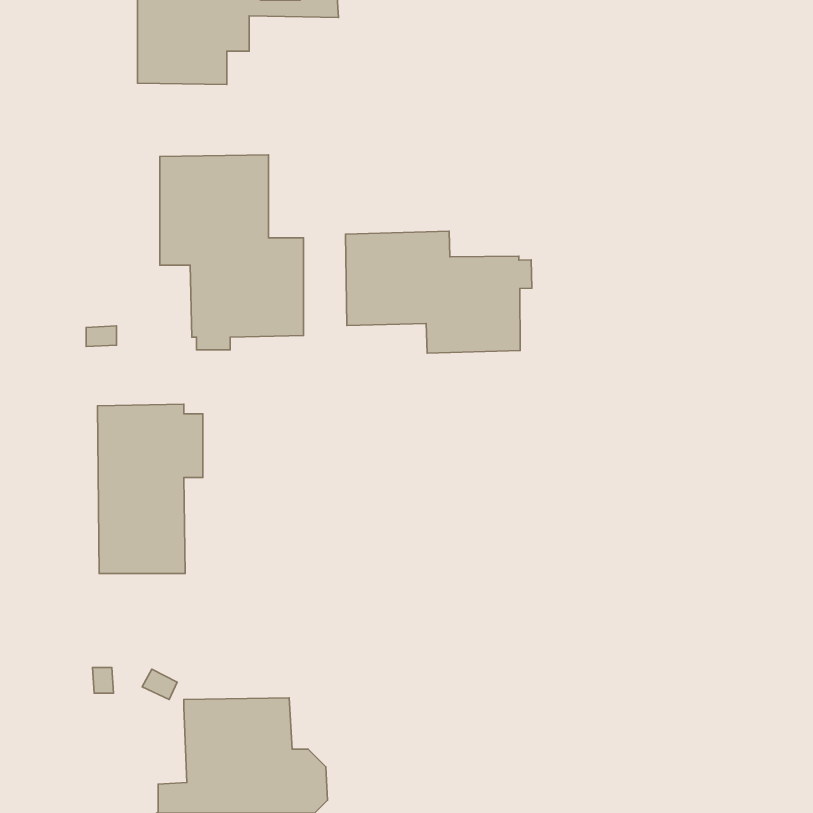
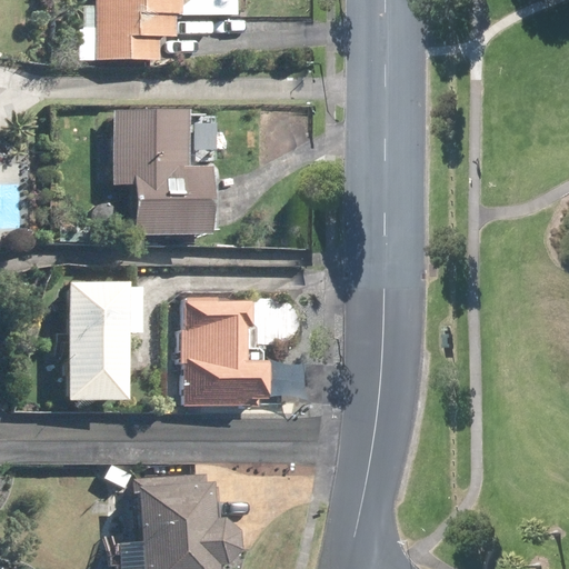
building: [345,231,532,353] -> none
building: none -> [181,298,270,406]

